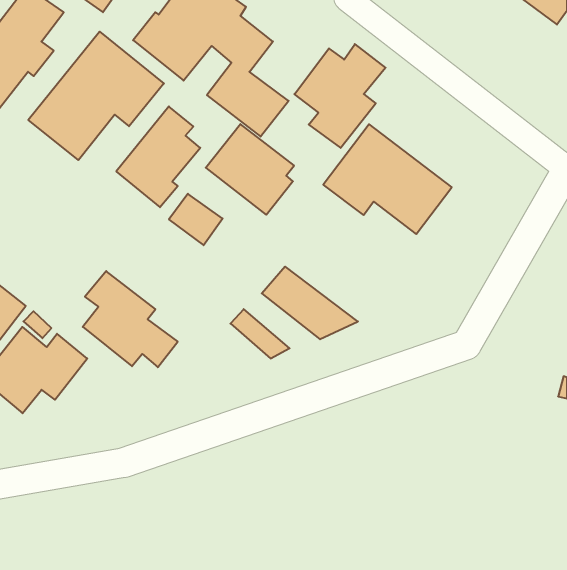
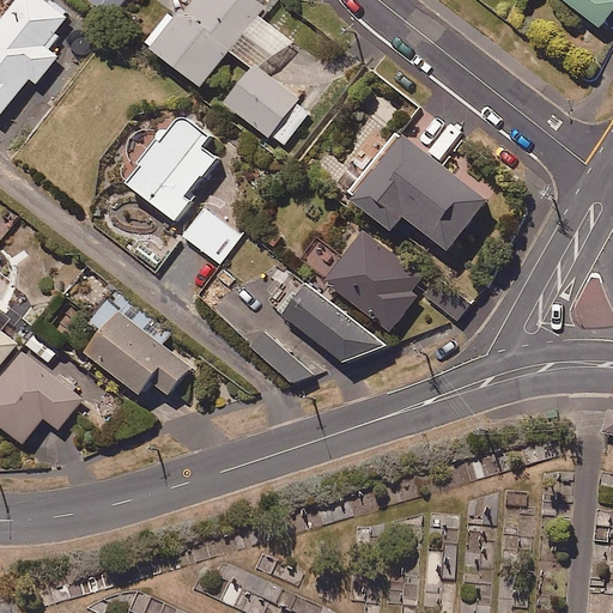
building: [28,32,164,160] -> none
building: [294,44,386,148] -> none
building: [206,124,294,215] -> [322,233,417,330]

